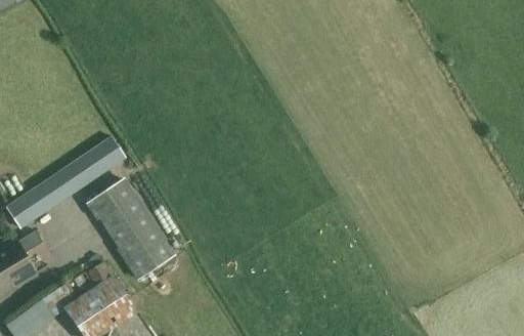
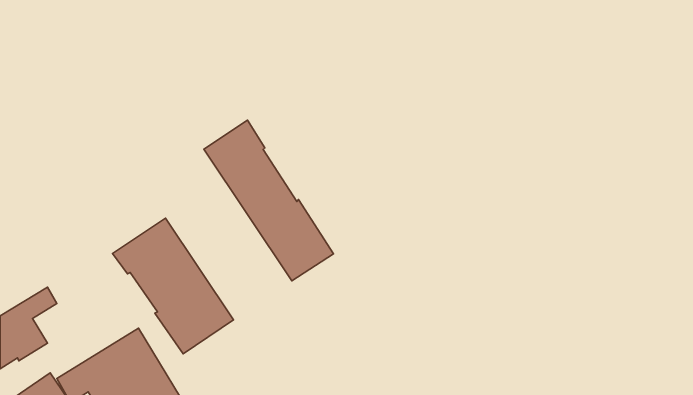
building: none -> [204,120,334,281]
building: [8,136,126,229] -> none

